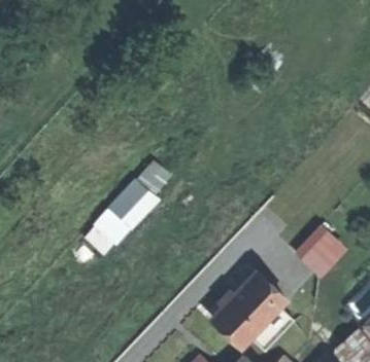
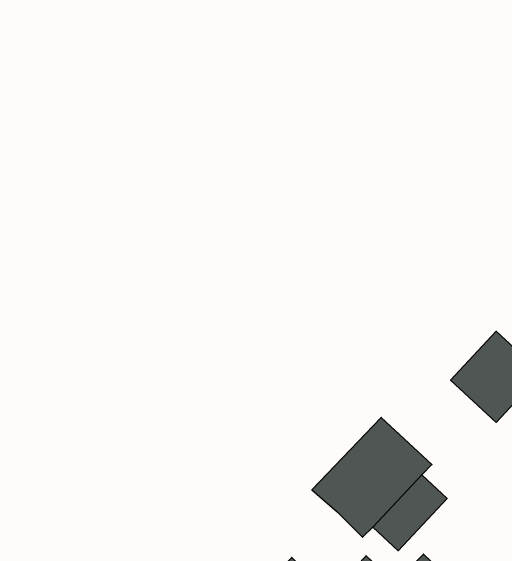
building: [87,156,180,253] -> none

